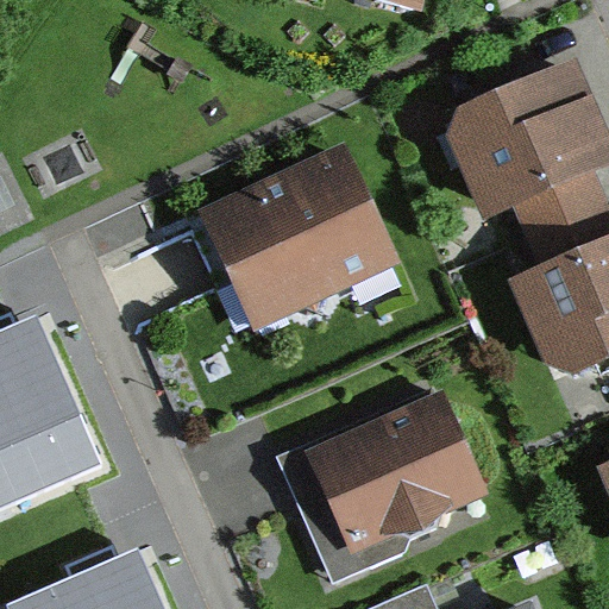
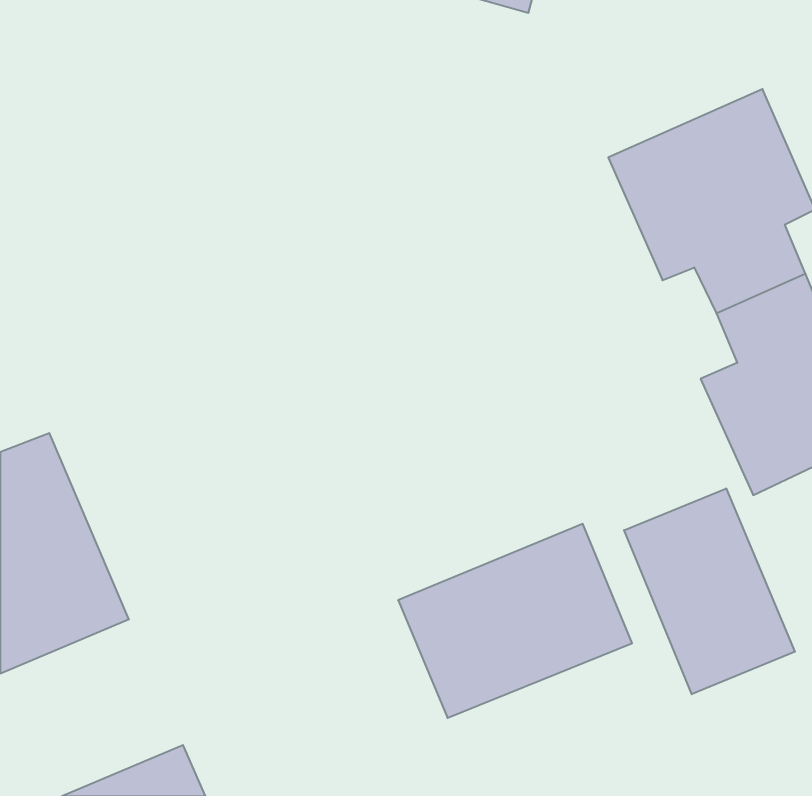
building: [197,156,394,333] -> none
building: none -> [624,488,795,694]

